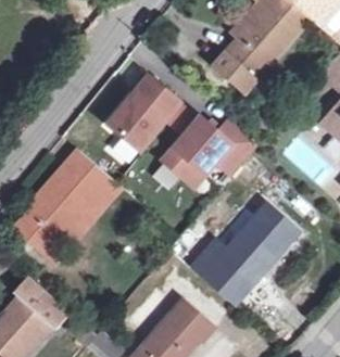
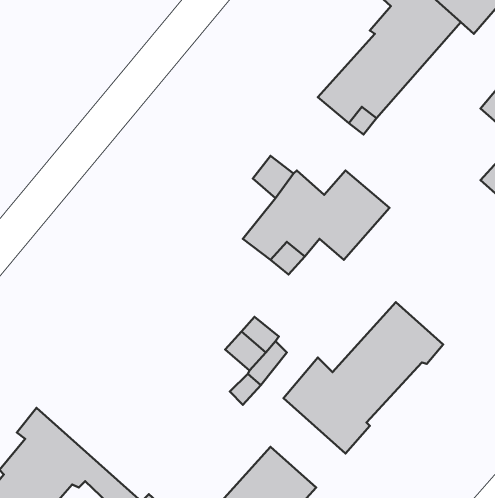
building: [110,78,180,151] -> none
building: [14,148,118,258] -> none

